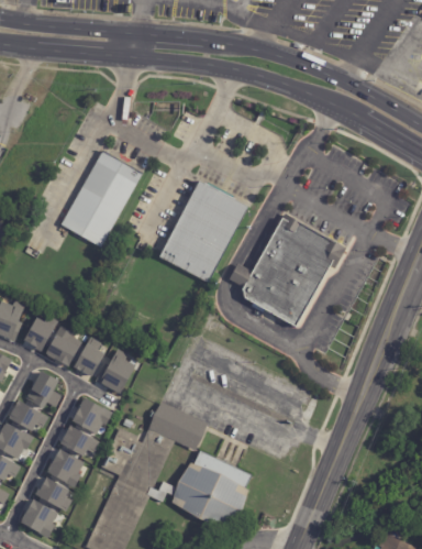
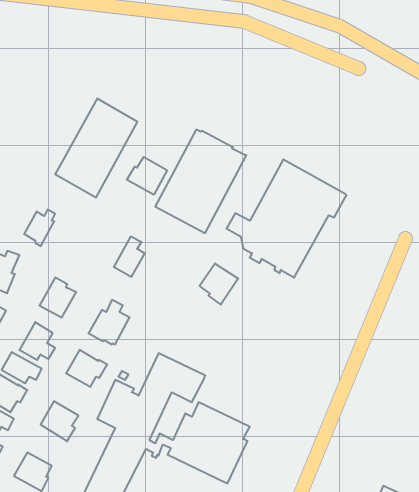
building: none -> [127,157,167,195]
building: none -> [200,263,238,305]
building: [23,316,54,352] -> [24,209,55,246]
building: [73,338,103,377] -> [114,237,145,277]
building: [58,425,99,457] -> none
building: [33,477,68,512] -> none

